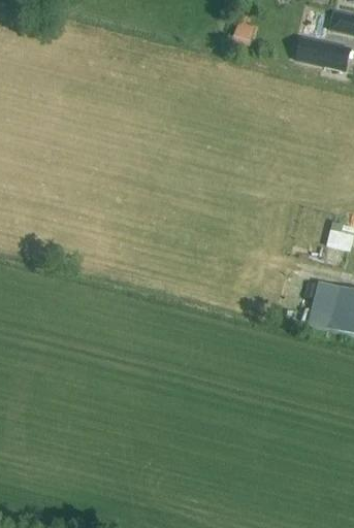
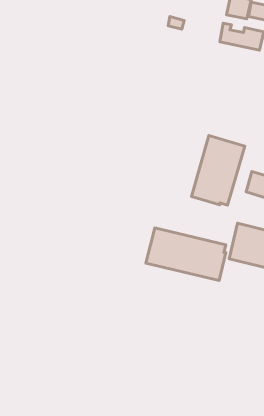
building: none -> [192,136,245,205]
building: none -> [146,228,226,281]

